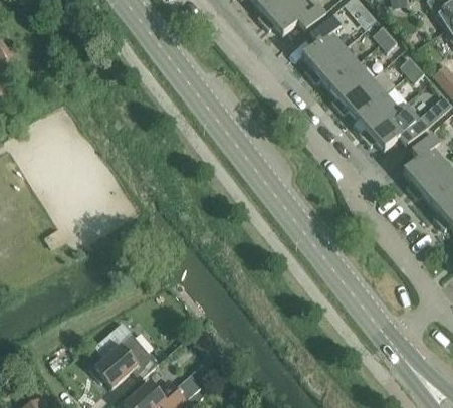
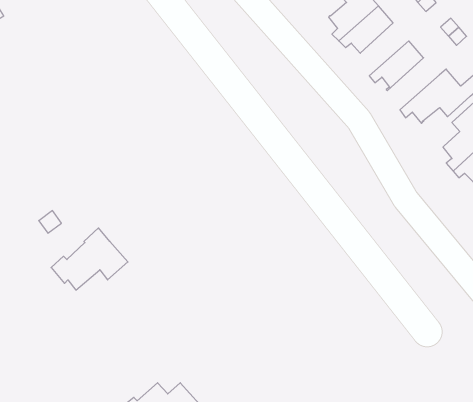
building: [329,61,376,109] -> none
building: [354,92,400,139] -> none
building: [89,333,158,388] -> [51,228,128,290]

